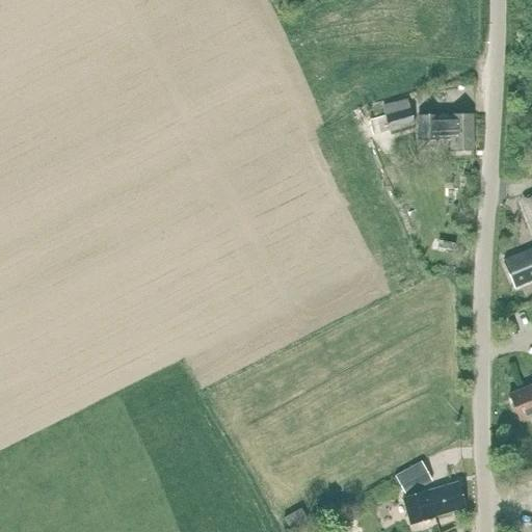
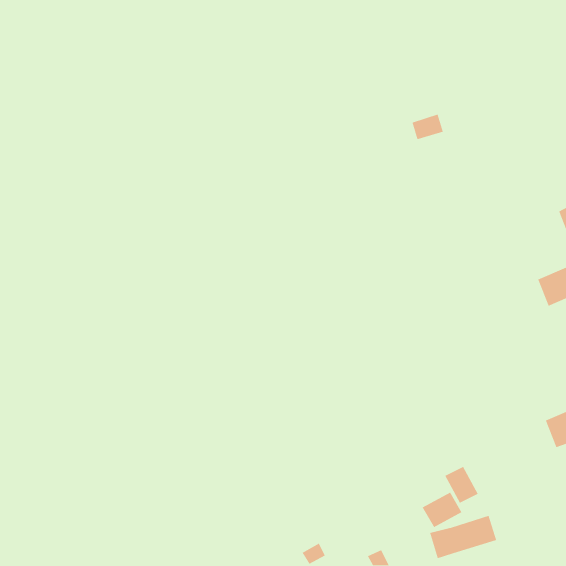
building: [418,113,475,149] -> none
building: none -> [444,466,479,504]

